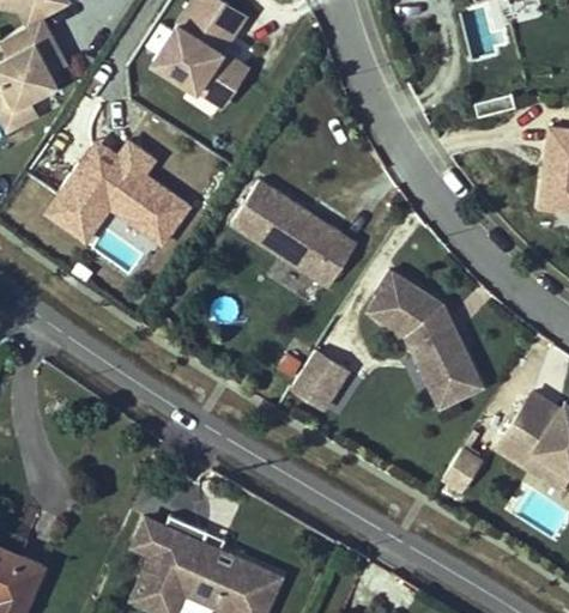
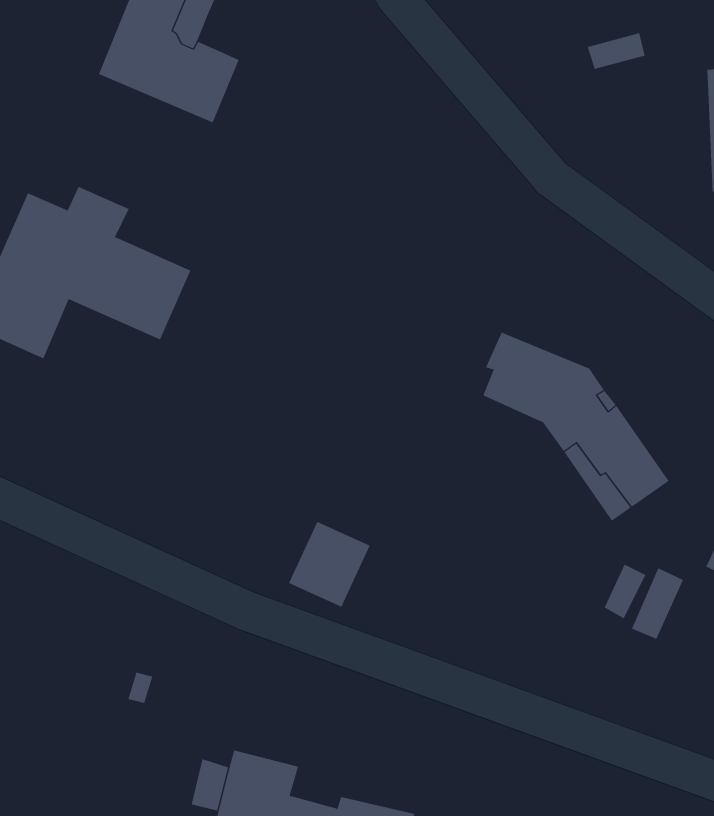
building: [231,182,357,289] -> none
building: [291,352,349,411] -> [288,521,370,607]

